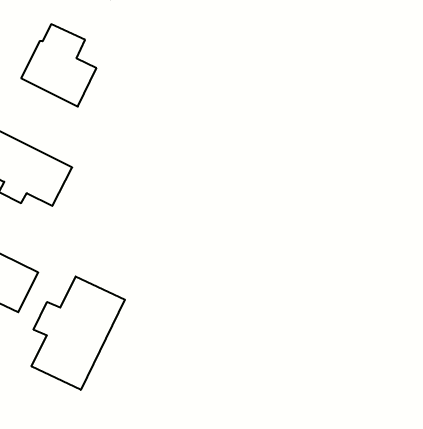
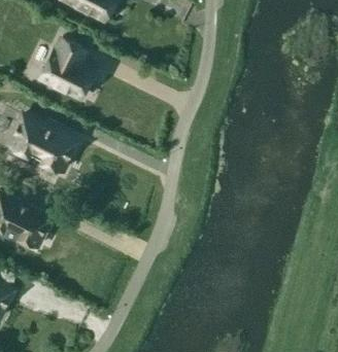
building: [32,276,125,390] -> none

